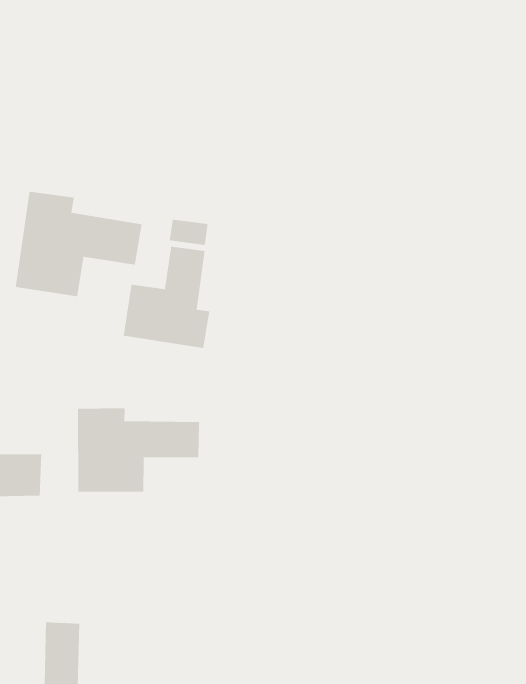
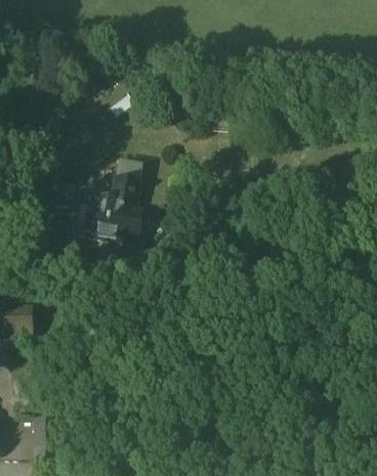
building: [15,191,143,297] -> none
building: [77,407,200,493] -> none

